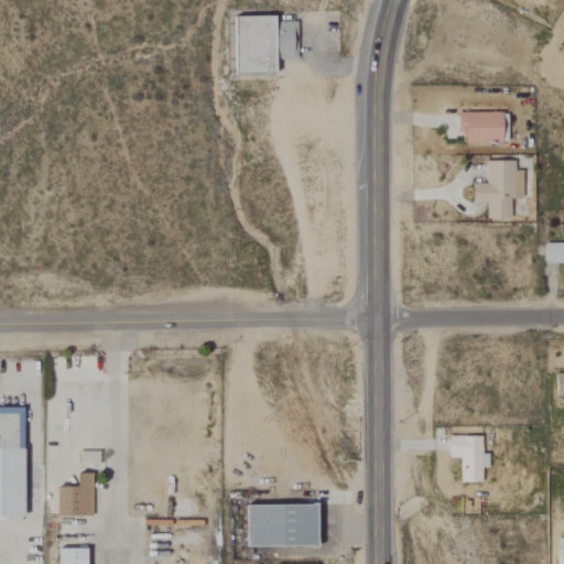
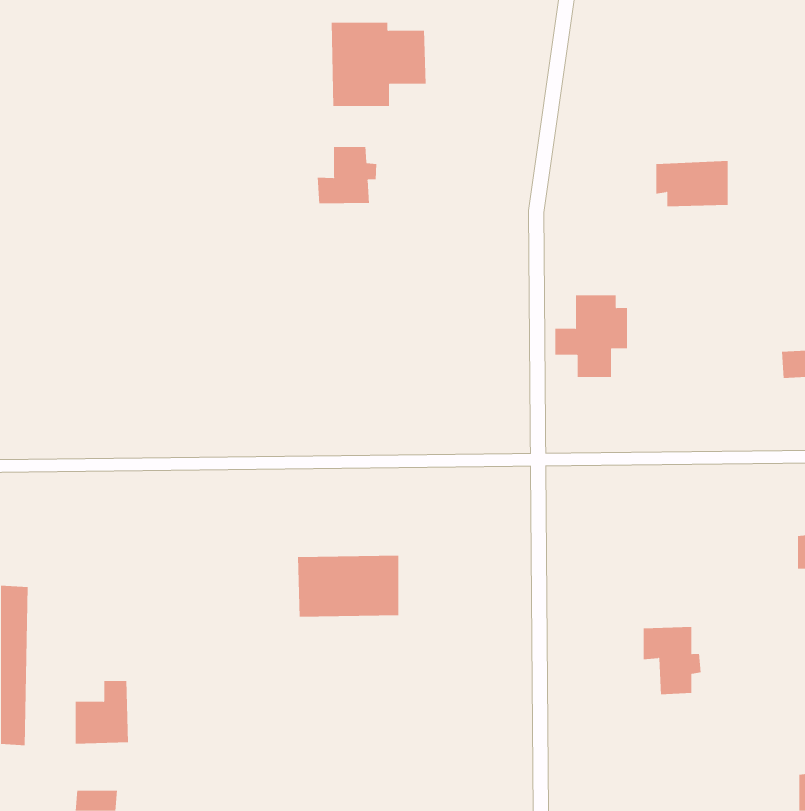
building: none -> [317,146,377,204]
building: [474,161,524,218] -> [554,295,628,377]
building: [246,502,316,545] -> [297,555,399,617]

